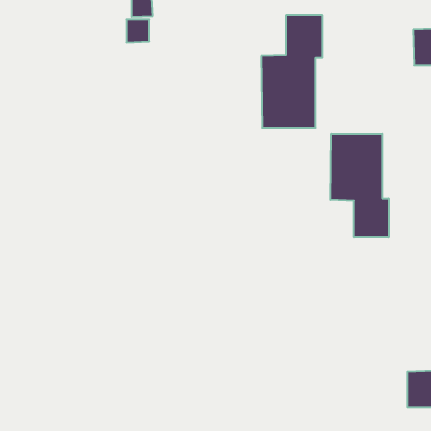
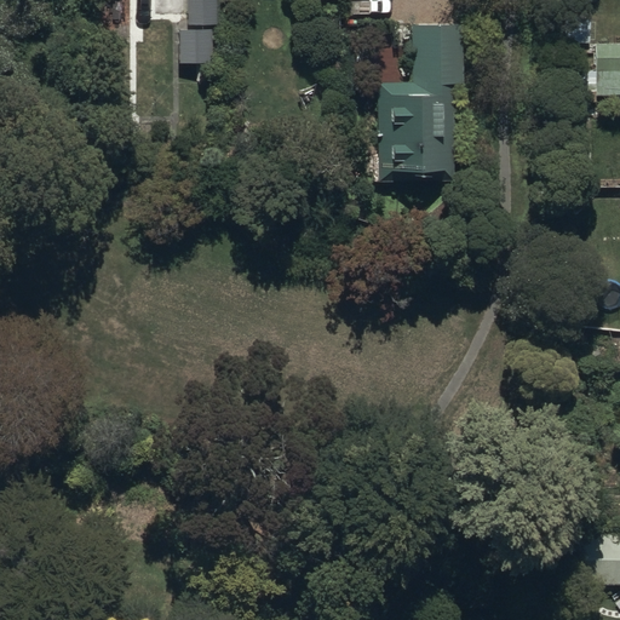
building: [330,134,389,237] -> none

